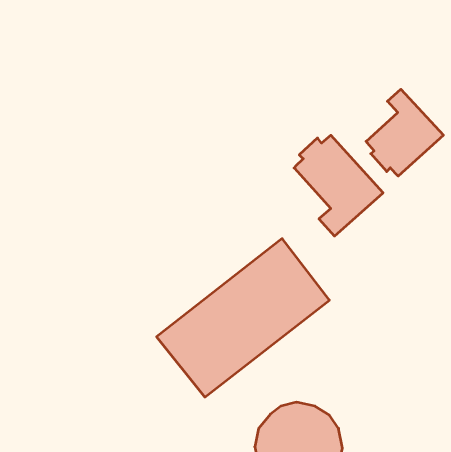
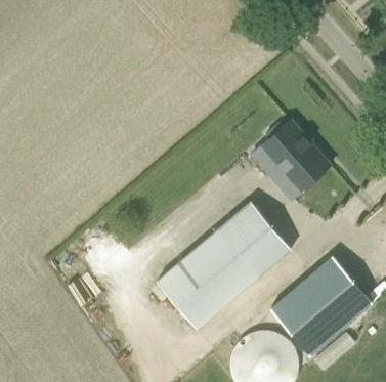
building: [366,89,443,176] -> none
building: none -> [270,257,373,357]

